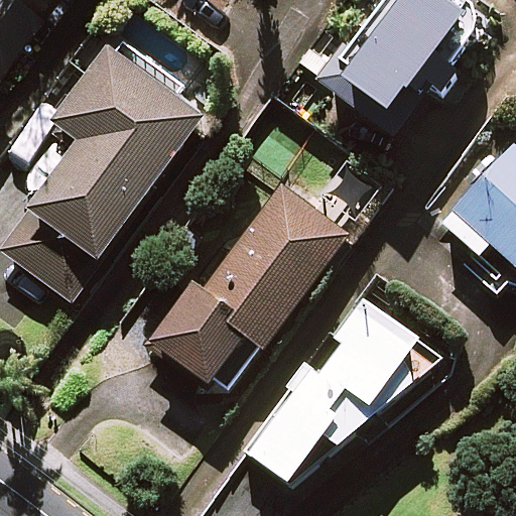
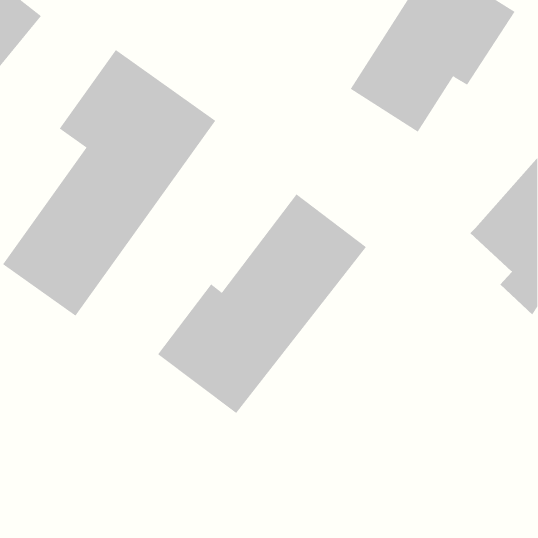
building: [247,290,439,481] -> none

